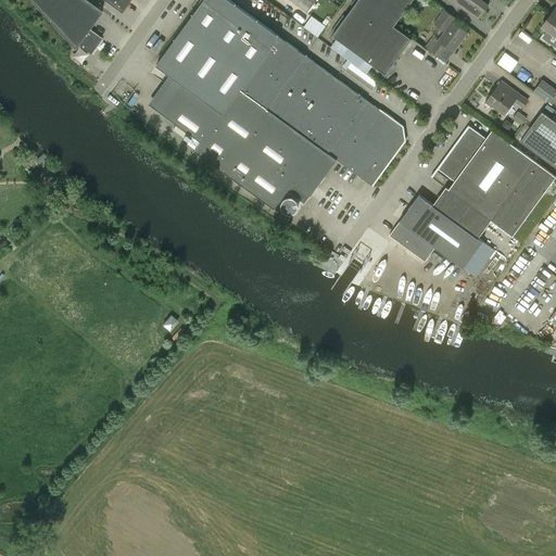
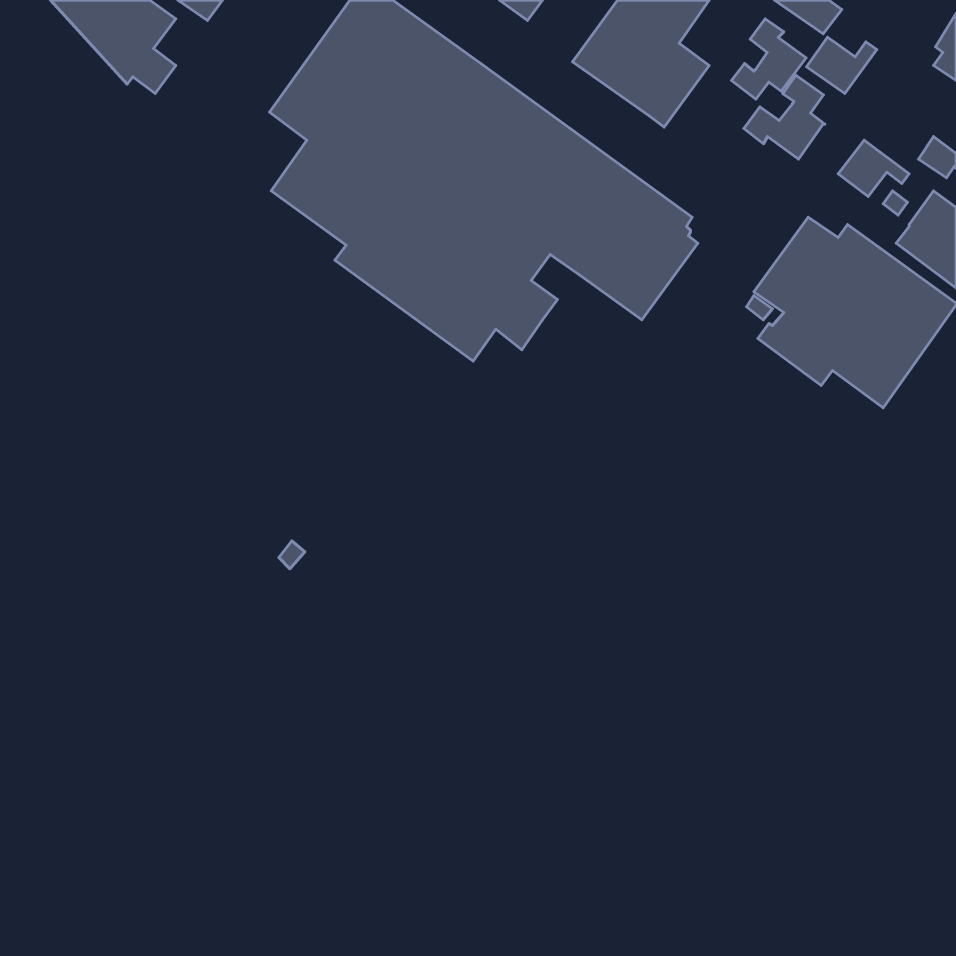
building: none -> [806,37,877,94]
building: none -> [744,75,825,159]
building: [388,194,495,276] -> none

